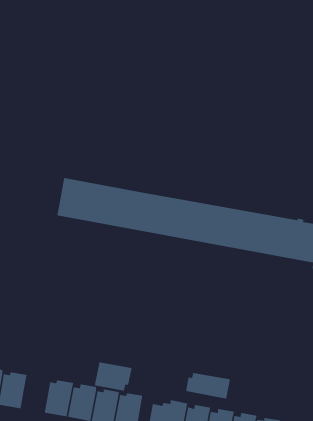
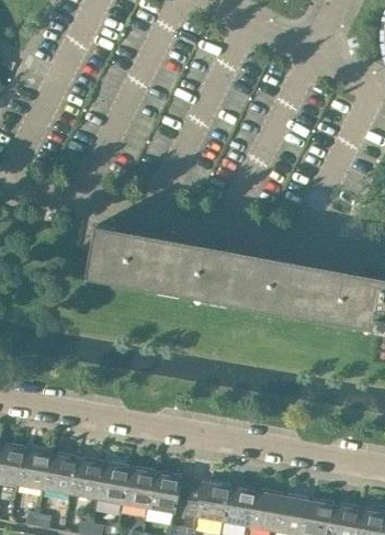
building: [94,361,133,392] -> none
building: [185,372,231,399] -> none
building: none -> [47,454,80,495]

